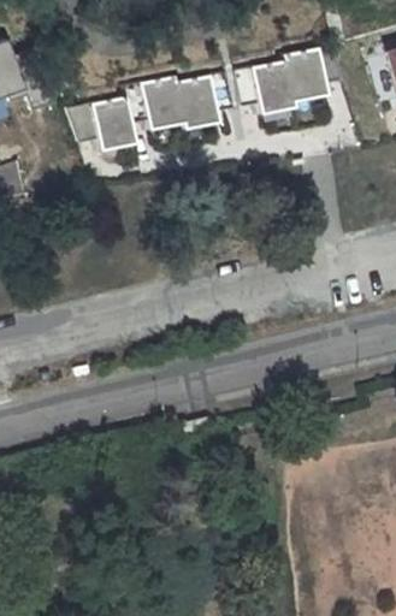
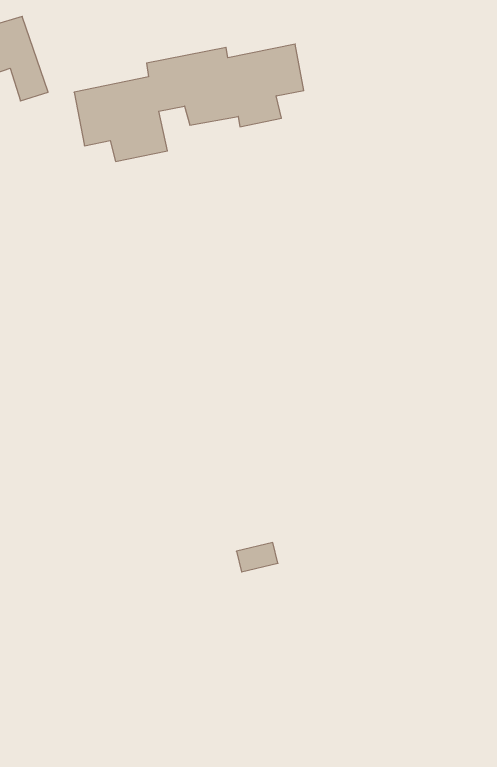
building: [237,46,342,114] -> none

